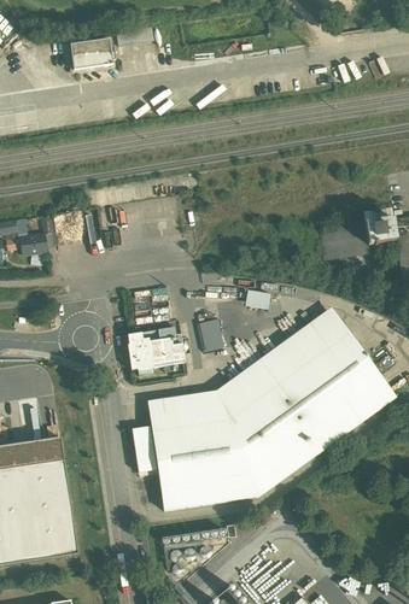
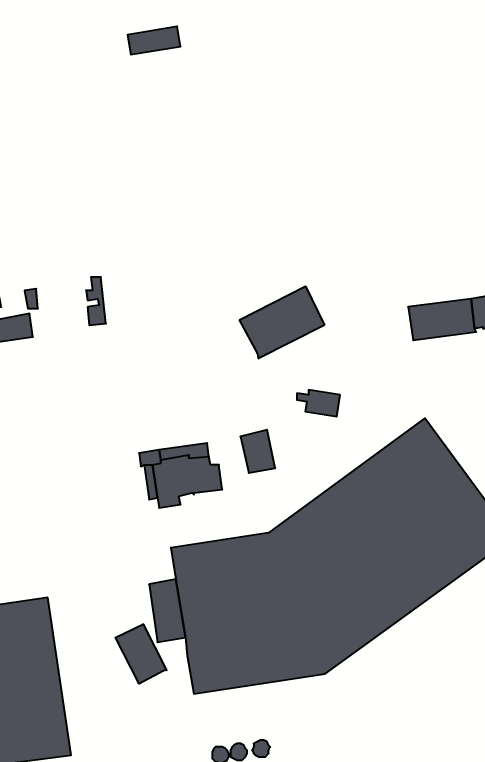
building: [70,37,116,69] -> none
building: none -> [240,286,324,359]
building: none -> [115,624,167,684]

